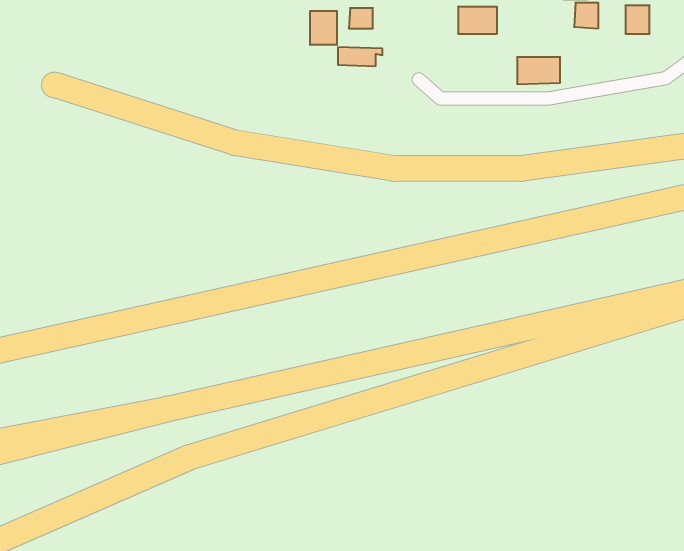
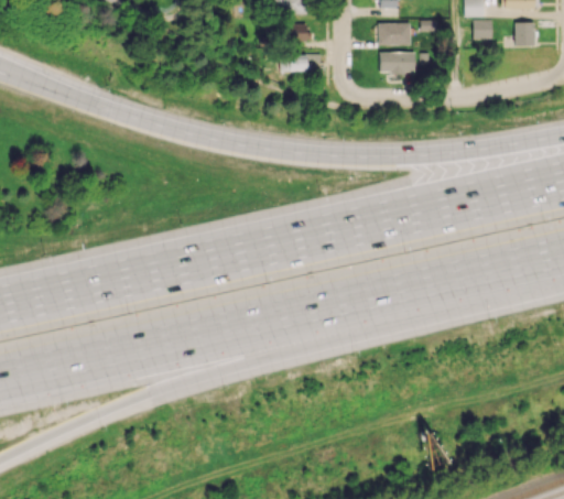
building: [310,11,337,45] -> none
building: [517,57,560,84] -> [380,52,415,74]

